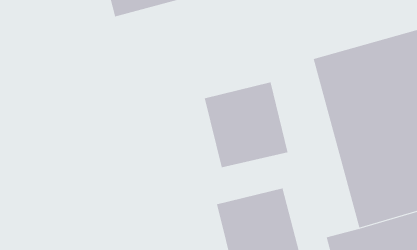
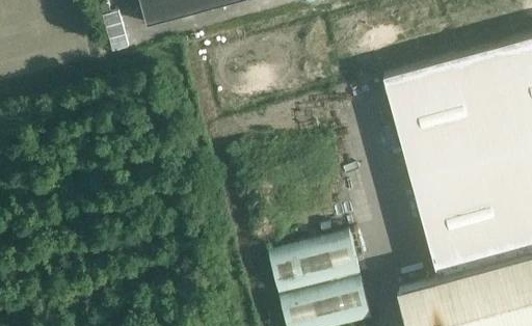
building: [204,81,288,168] -> none

